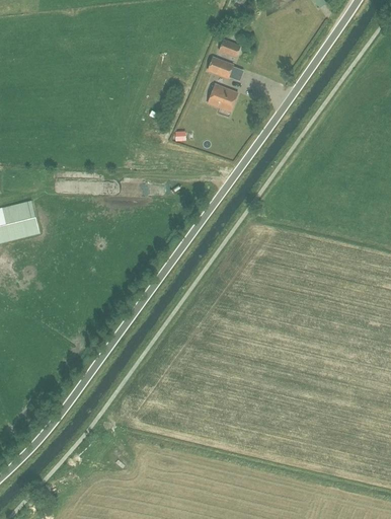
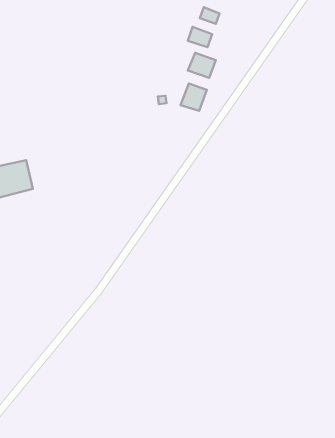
building: none -> [180,83,207,111]

